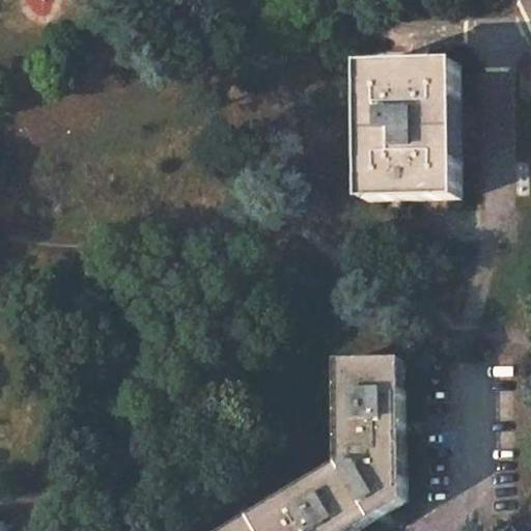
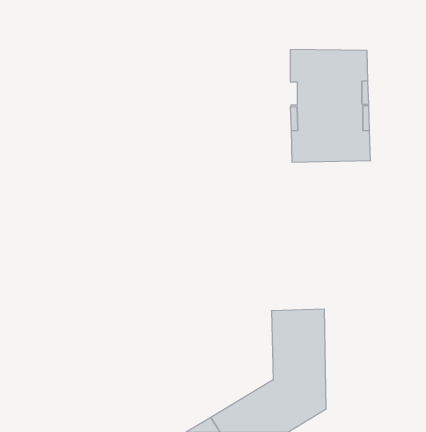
building: [330,357,395,378] -> none

